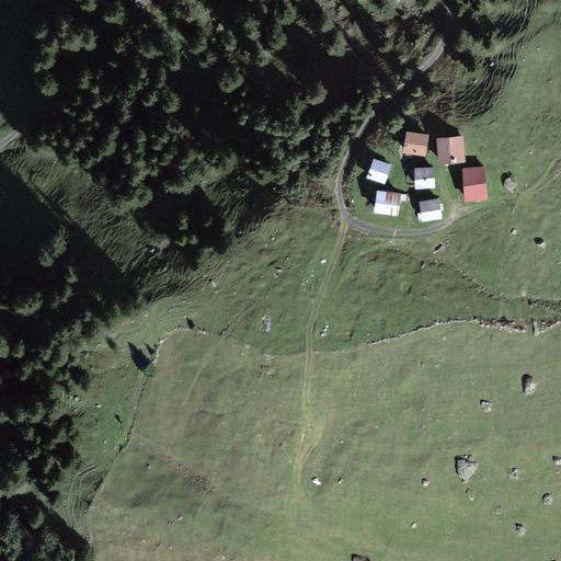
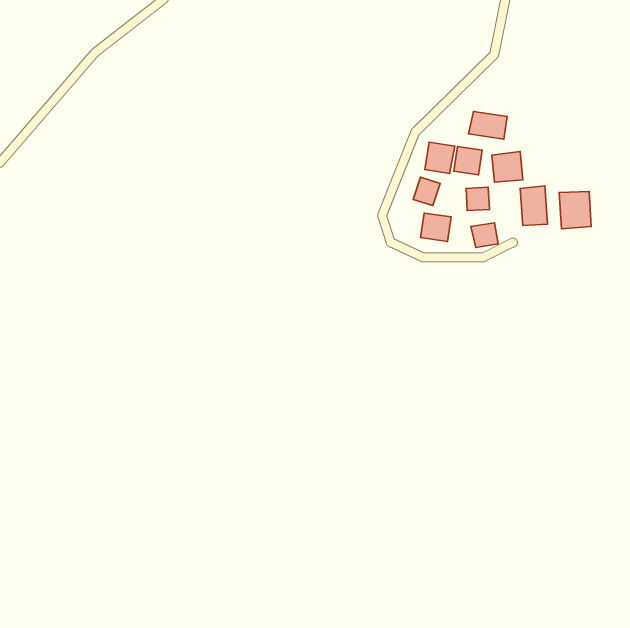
building: none -> [468,111,507,139]
building: none -> [425,142,455,173]
building: none -> [559,191,591,229]

